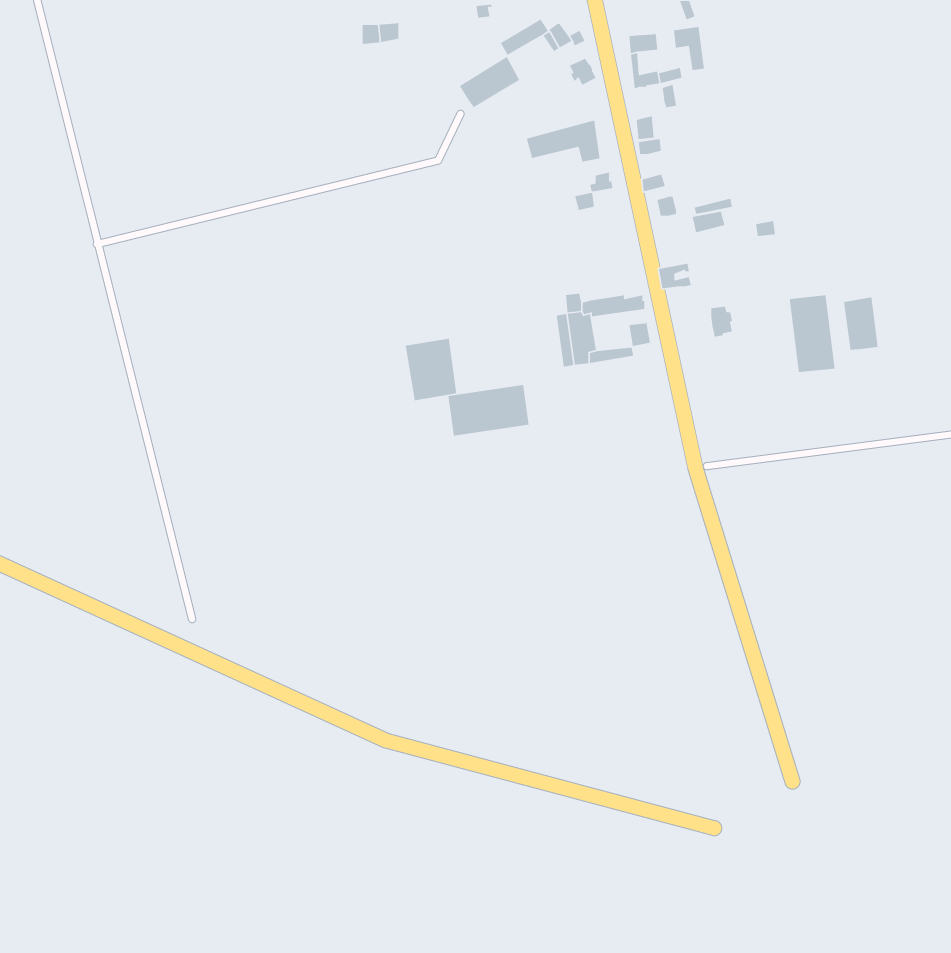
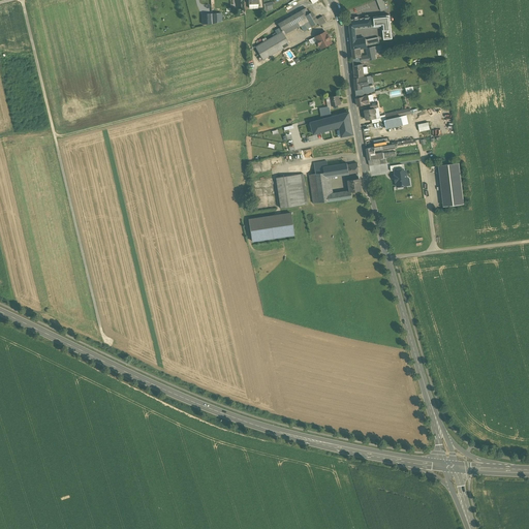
building: [526,120,600,163] -> [310,113,351,136]
building: [843,296,879,350] -> none
building: [405,338,457,401] -> [275,174,304,209]

